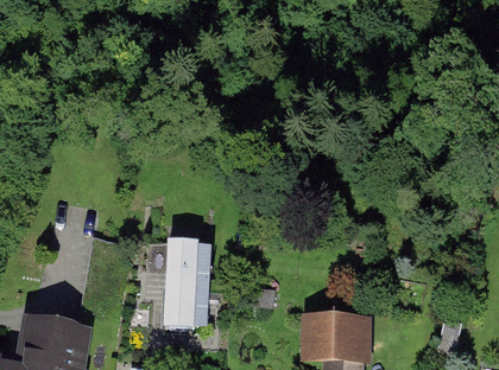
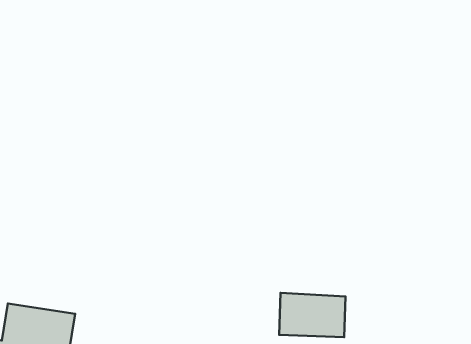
building: [166,241,198,328] -> none

